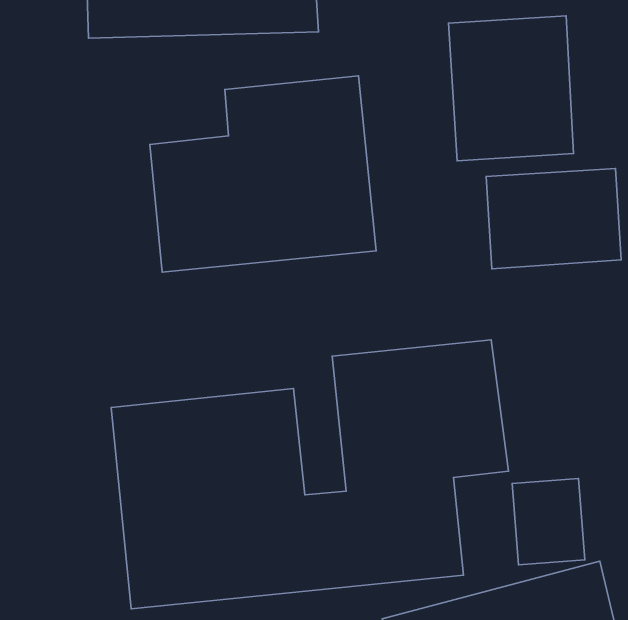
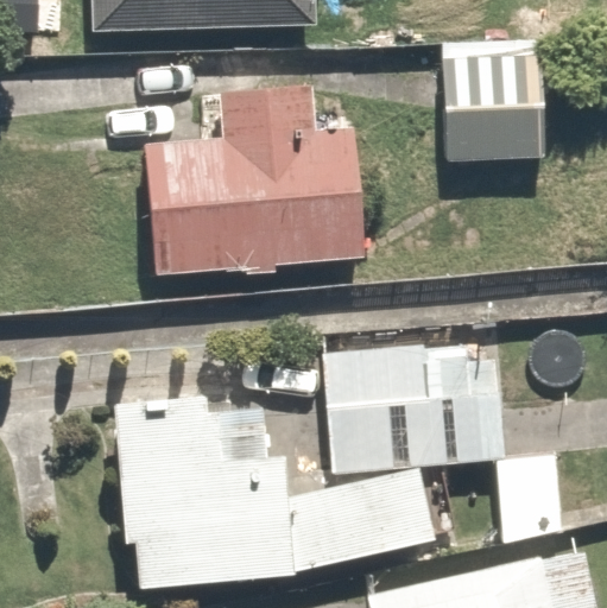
building: [486,168,621,269] -> none

